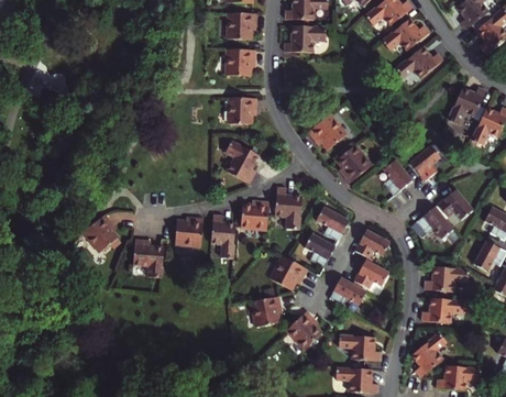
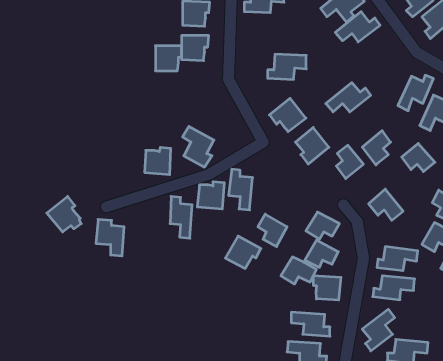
building: [287,26,328,53] -> [268,54,306,79]
building: [397,48,444,79] -> [326,83,371,112]
building: [222,98,250,124] -> [155,46,182,71]
building: [440,190,475,220] -> [402,143,435,172]
building: [316,207,348,241] -> none
building: [174,217,201,245] -> [145,147,171,175]
building: [250,297,279,327] -> none
building: none -> [314,276,341,300]
building: [285,311,320,350] -> none

